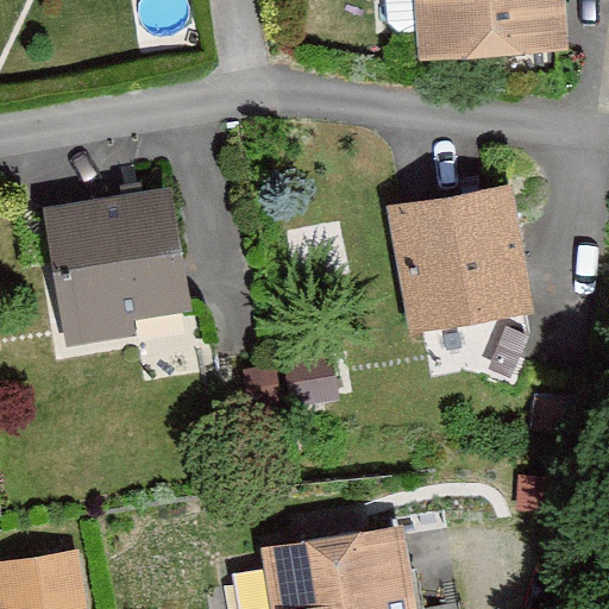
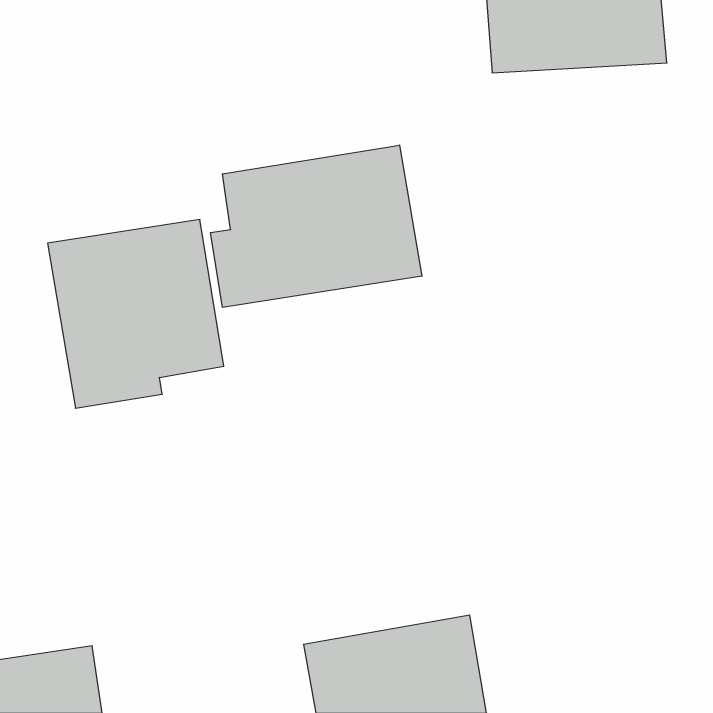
building: none -> [210,145,422,307]
building: [387,187,535,337] -> none

